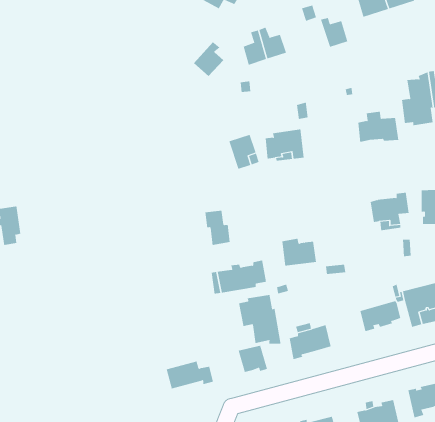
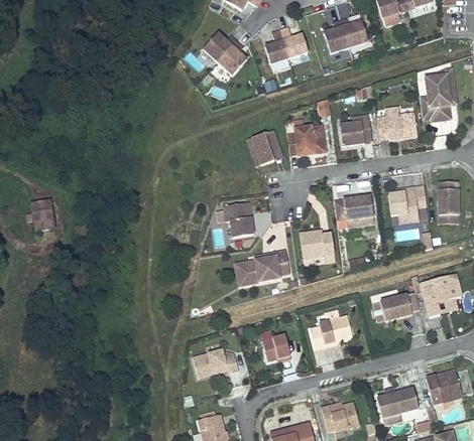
building: none -> [325,19,350,52]
building: none -> [204,32,237,61]
building: none -> [339,116,372,146]
building: none -> [334,196,375,228]
building: [239,294,281,345] -> none

